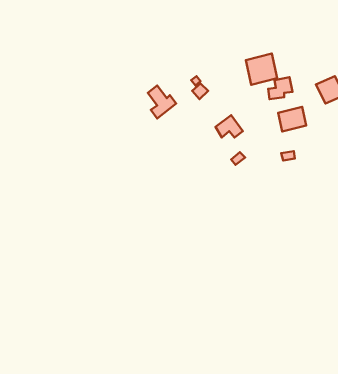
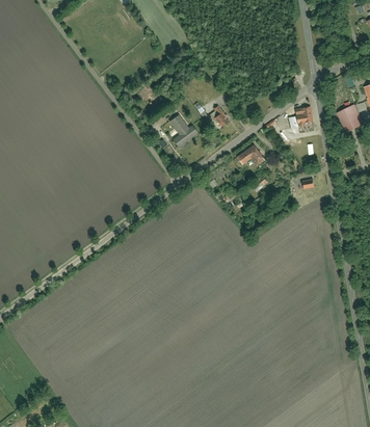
building: [246,54,277,85] -> none
building: [278,107,306,132] -> none

